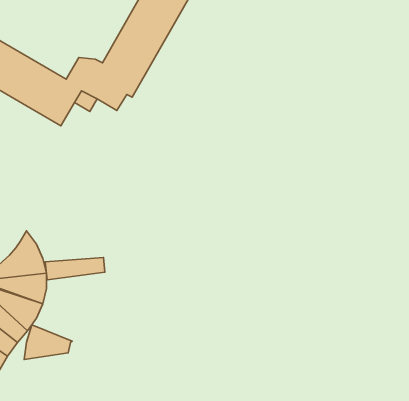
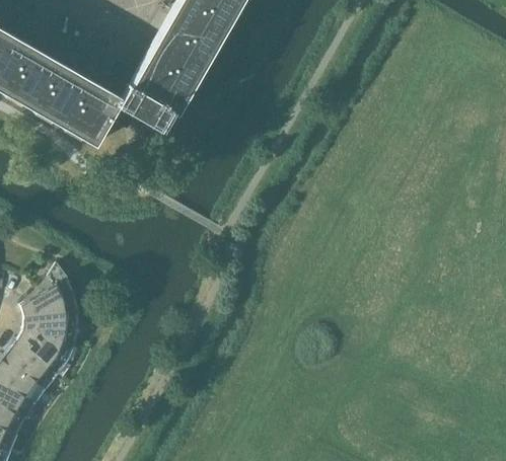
building: [45,258,105,280] -> none
building: [24,325,72,359] -> none

